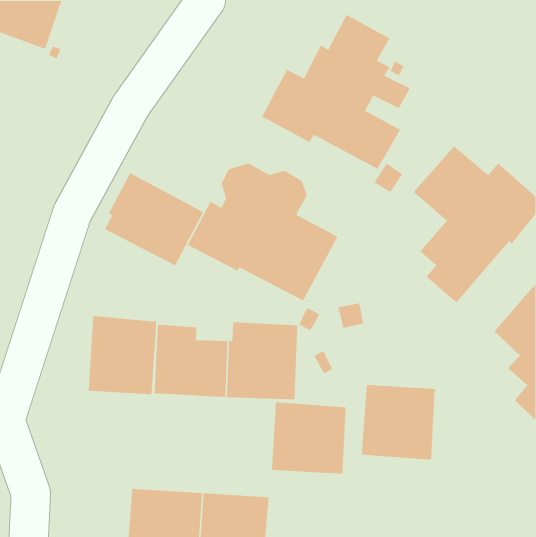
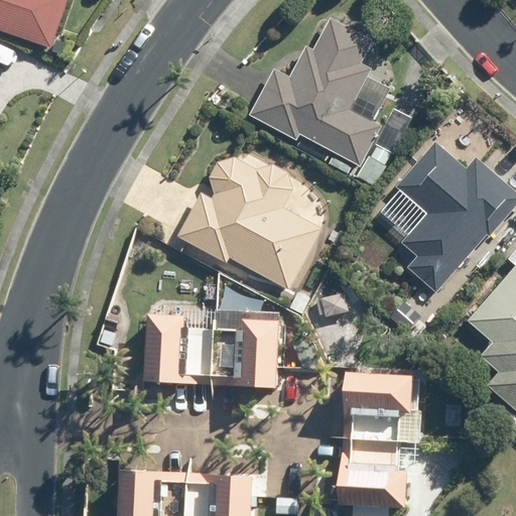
building: [104,172,204,266] -> none
building: [88,315,157,395] -> none
building: [271,401,346,475] -> [339,437,410,507]

